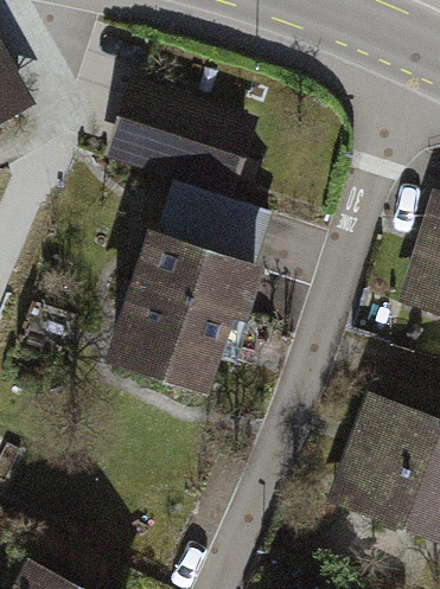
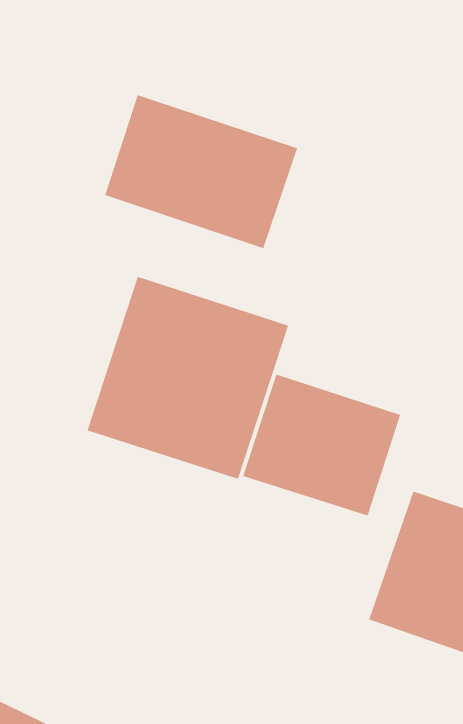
building: none -> [242,373,401,517]

